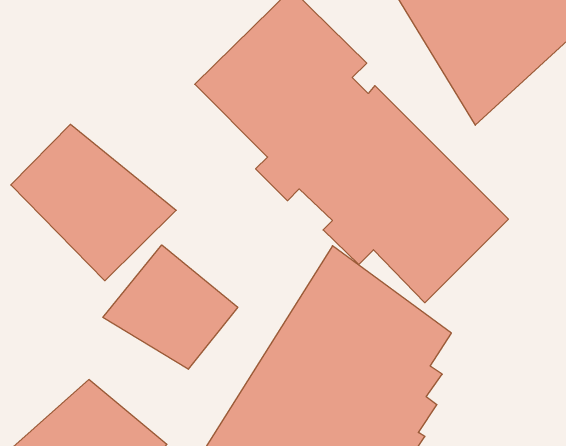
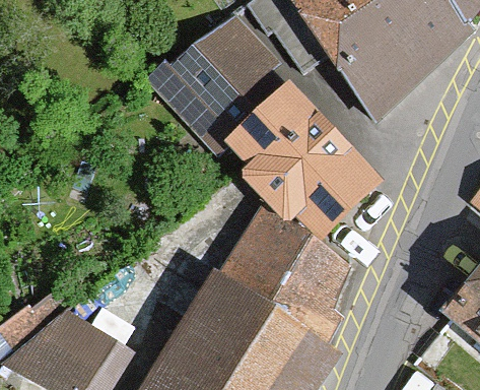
building: [11,124,176,281] -> none
building: [103,245,238,369] -> none

